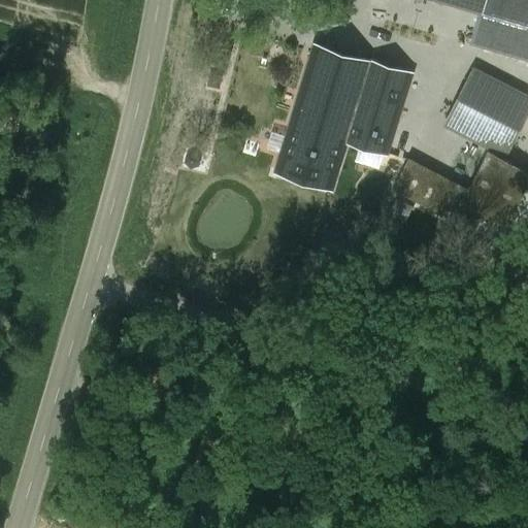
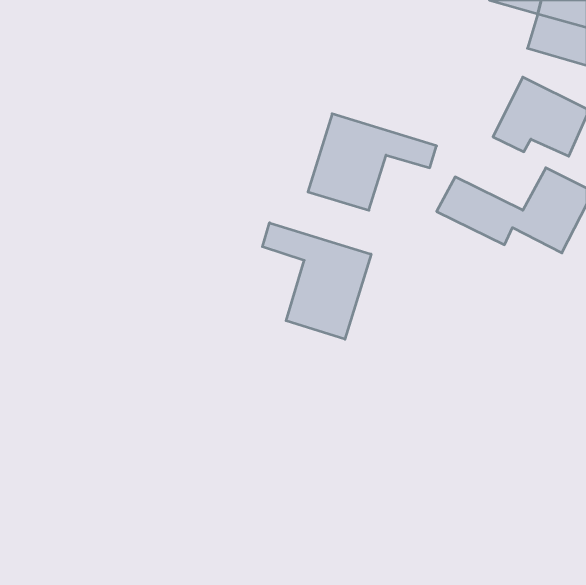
building: [299,46,410,133] -> none
building: none -> [262,223,371,339]

